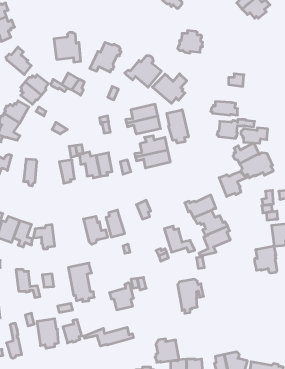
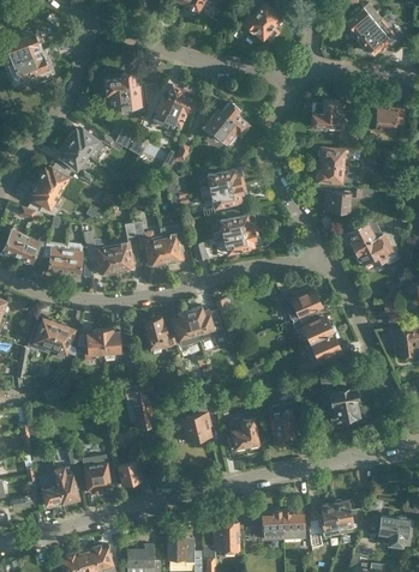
building: [178,31,203,53] -> [310,101,343,131]
building: [6,47,31,75] -> none
building: none -> [372,107,403,132]
building: [152,74,187,103] -> none
building: [167,110,188,143] -> none
building: [241,128,268,143] -> [317,146,353,167]
building: none -> [83,231,118,276]
building: none -> [42,241,67,275]
building: [219,172,247,197] -> none
building: [164,226,195,252] -> [190,307,231,342]
building: [255,246,277,273] -> [329,389,359,425]
building: [16,270,40,297] -> [102,330,134,367]
building: [84,327,133,346] -> none
building: none -> [55,468,79,506]
building: [155,339,179,362] -> [227,417,259,448]

